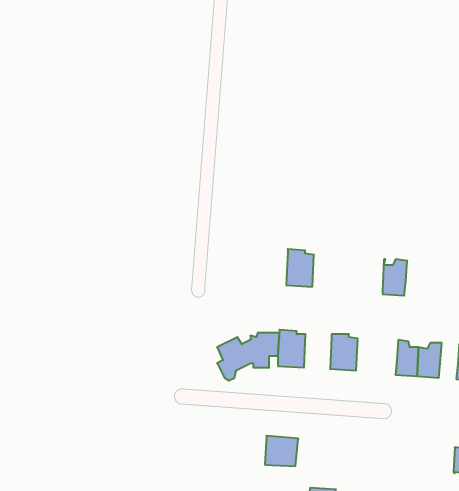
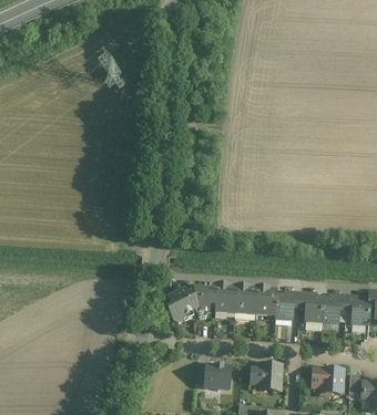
building: [286,249,314,287] -> [235,287,256,315]
building: [383,259,407,296] -> [275,292,294,320]
building: none -> [251,365,282,391]
building: none -> [312,369,344,395]

